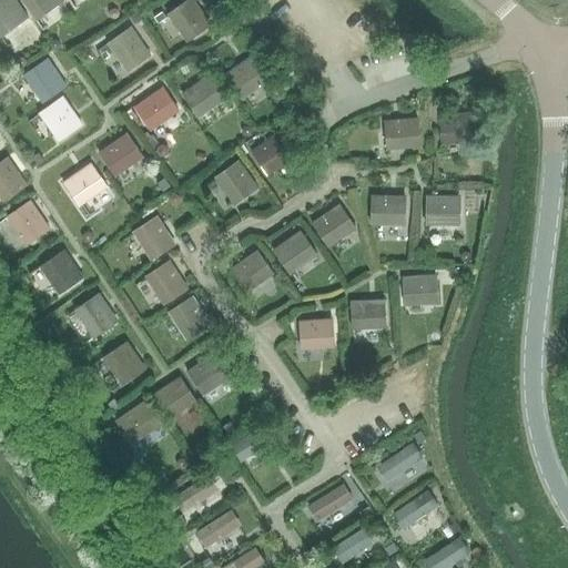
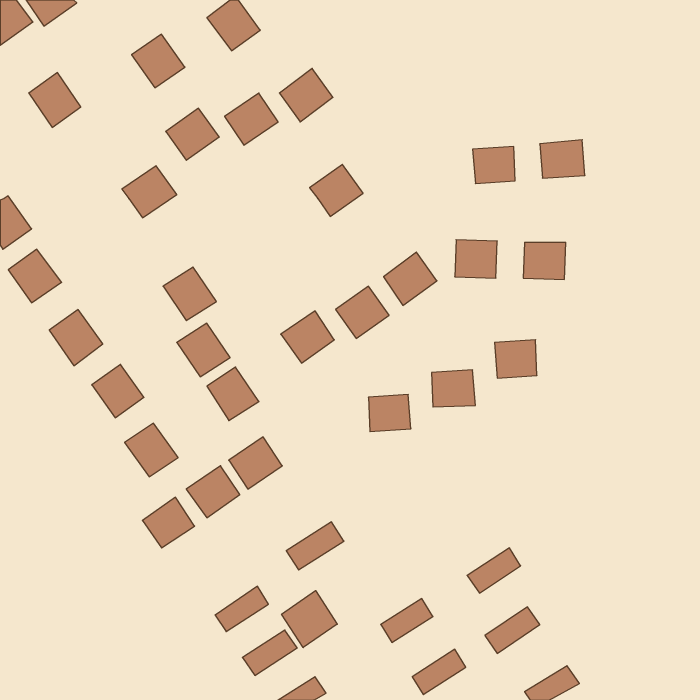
building: [39,98,81,141] -> none
building: [214,160,258,204] -> none
building: [63,163,106,206] -> none
building: none -> [282,591,337,648]

